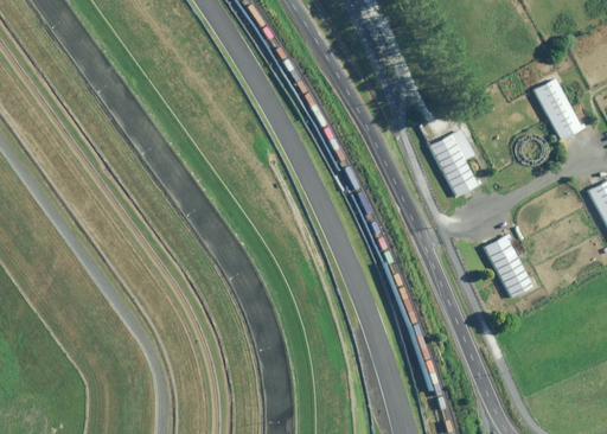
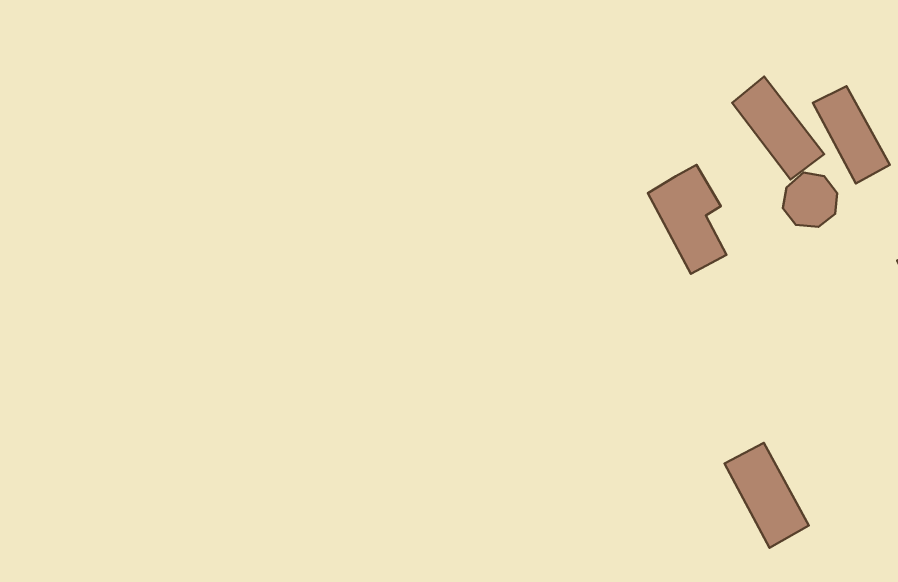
building: none -> [732,77,824,180]
building: [481,234,535,300] -> [724,443,809,548]

